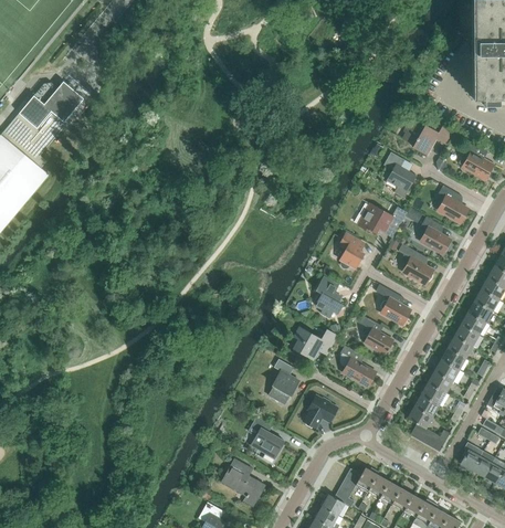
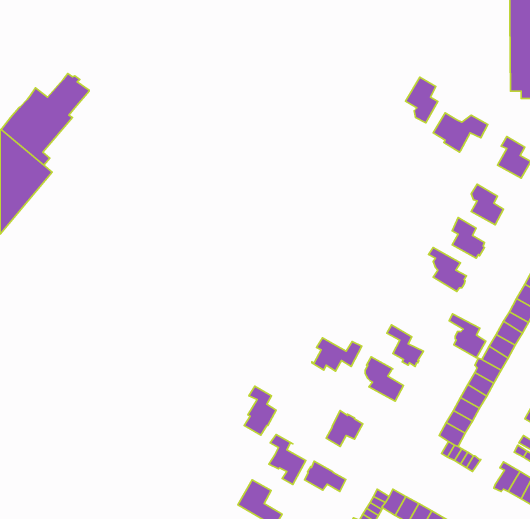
building: none -> [406,77,438,123]
building: [383,151,415,197] -> none
building: [358,203,407,233] -> none
building: [339,232,364,267] -> none
building: [315,276,343,317] -> none
building: [376,284,410,325] -> [449,314,486,358]
building: [269,358,298,403] -> [244,386,276,435]
building: none -> [305,461,346,491]

